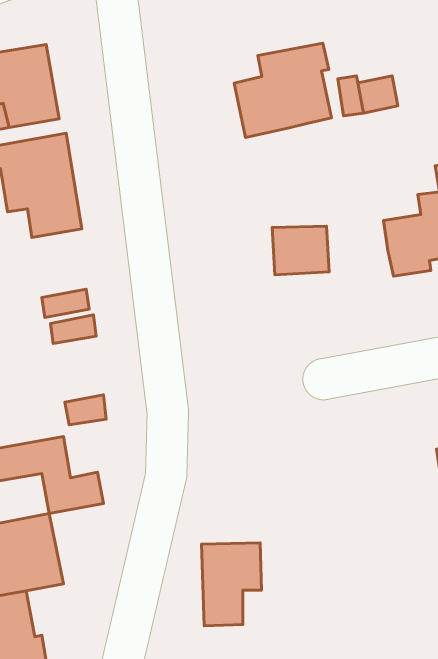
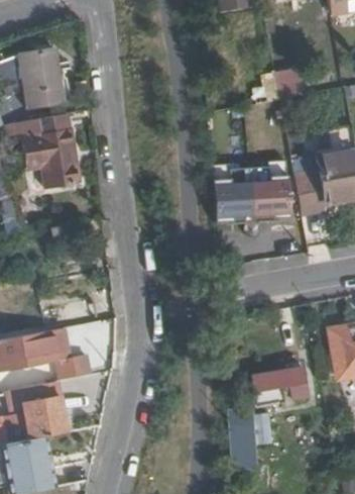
building: [234,43,332,138] -> none
building: none -> [253,177,293,212]
building: none -> [250,363,307,402]
building: [201,543,261,626] -> [230,408,272,467]

